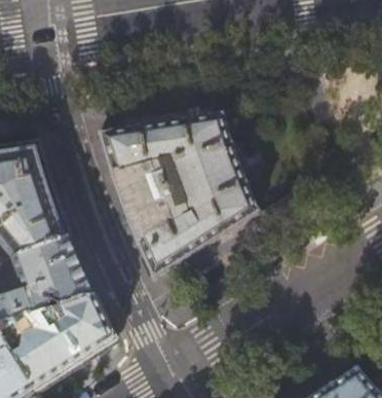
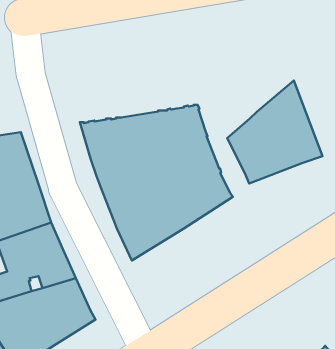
building: none -> [227,80,322,183]

